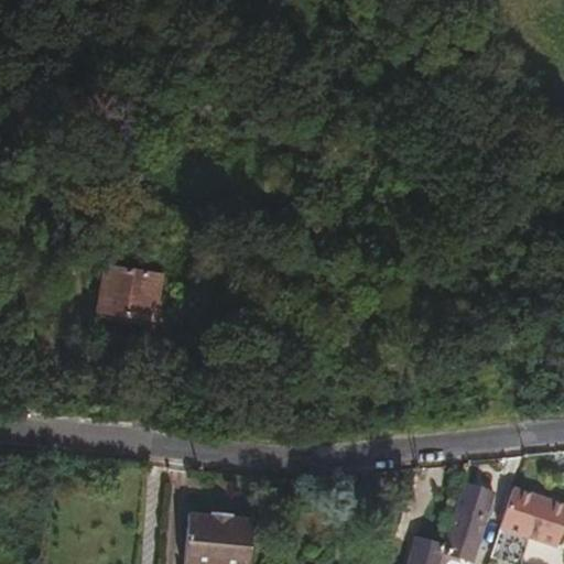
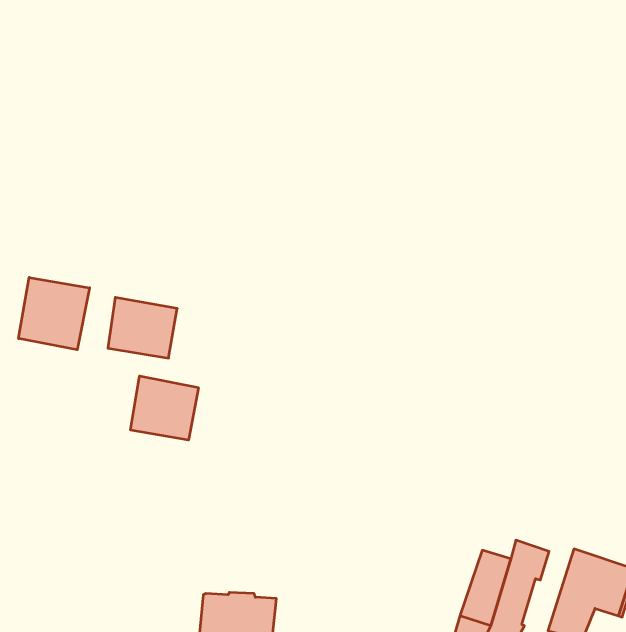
building: none -> [19,277,90,350]
building: none -> [131,376,198,440]

